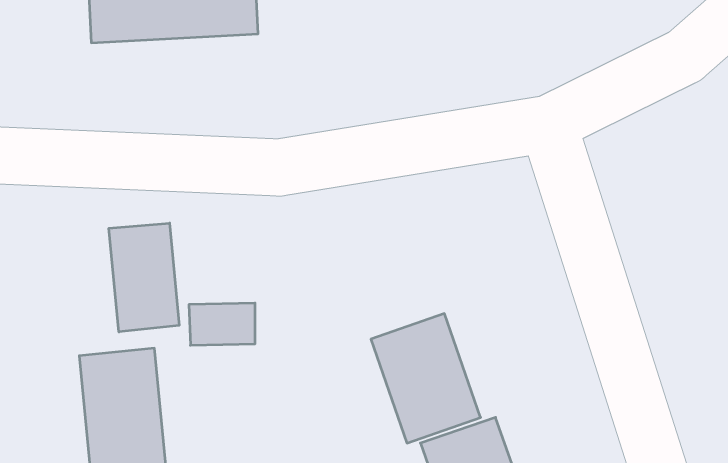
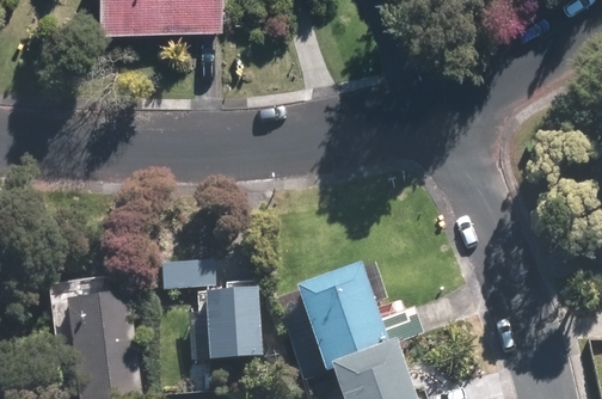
building: [109,223,179,332] -> none
building: none -> [209,286,263,356]

